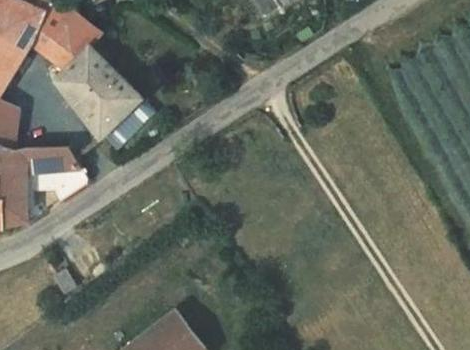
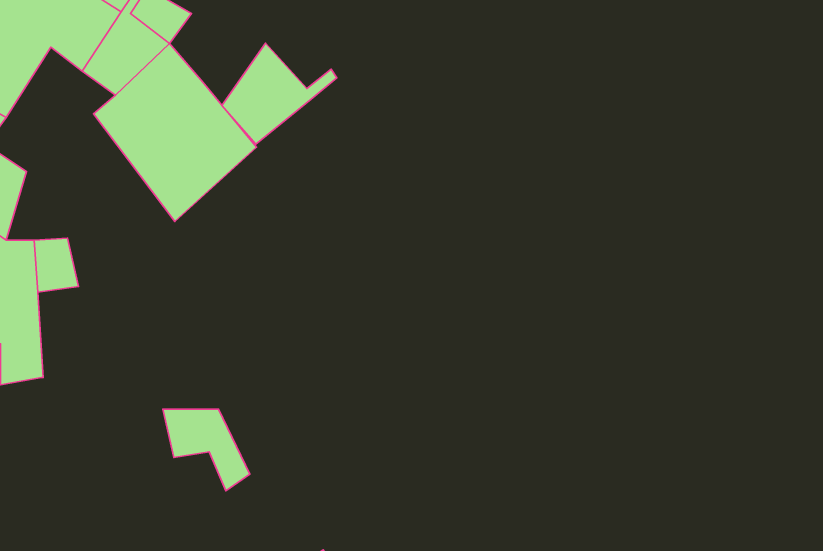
building: none -> [222,43,337,144]
building: [40,149,87,193] -> [163,409,250,491]

